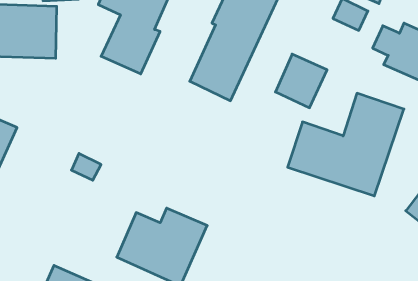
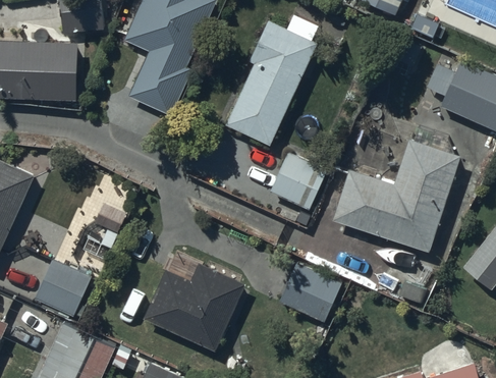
building: [275,54,327,108] -> [270,152,327,211]
building: none -> [34,259,92,318]
building: none -> [279,263,342,322]

